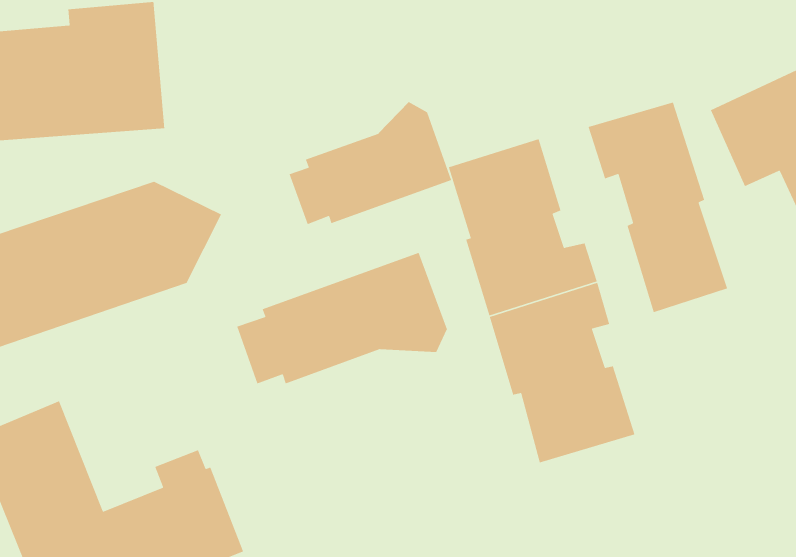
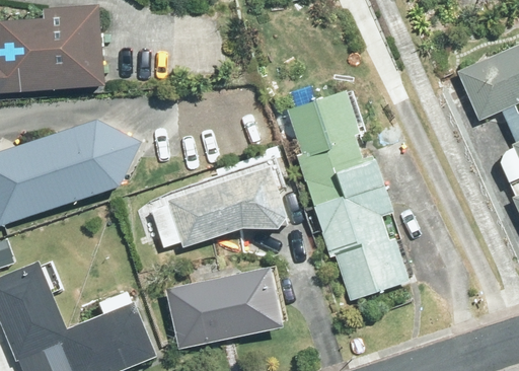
building: [288,101,452,225] -> none
building: [587,102,728,313] -> none
building: none -> [164,265,285,350]

